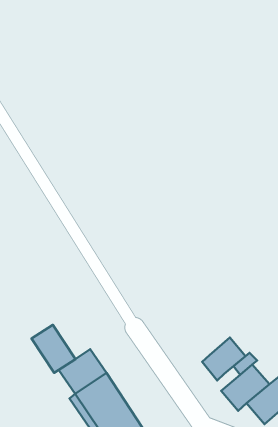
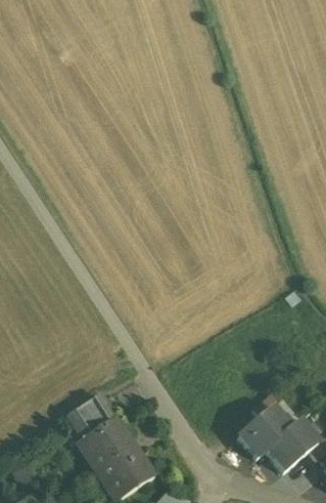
building: [31,325,76,373] -> none
building: [202,338,245,380] -> none

